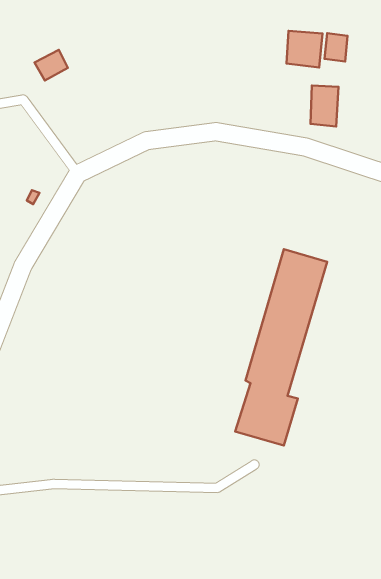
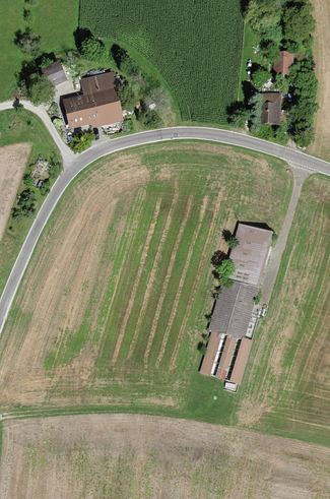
building: [286,31,322,68] -> none
building: none -> [63,71,125,129]

